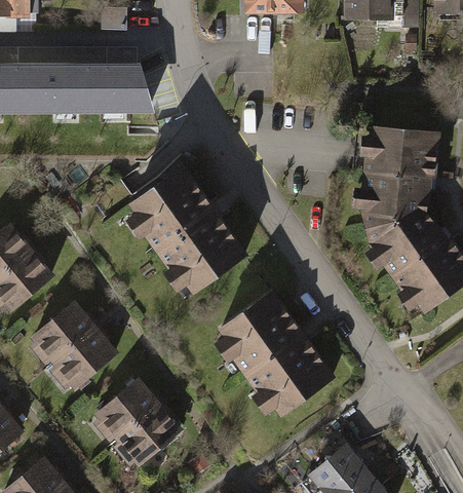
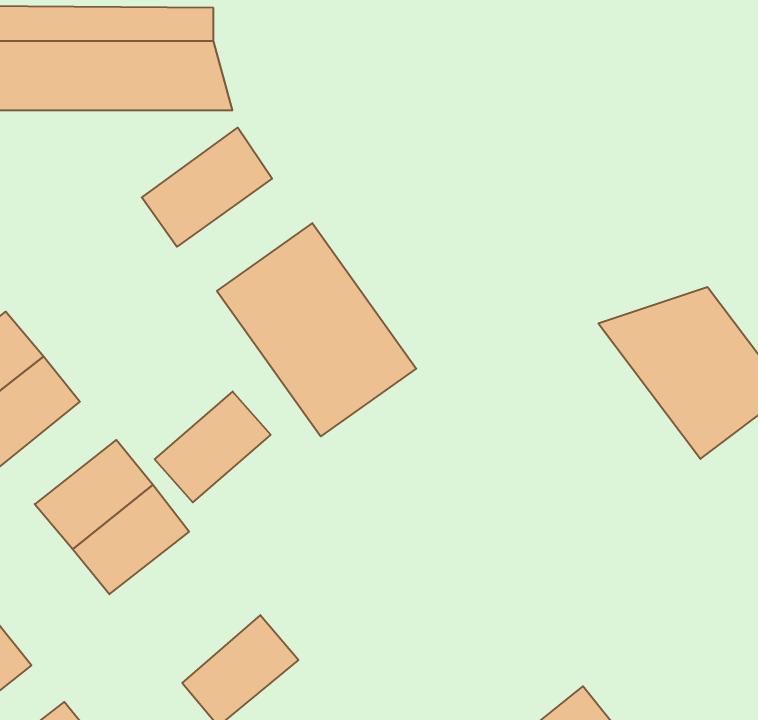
building: none -> [142,128,272,247]
building: [360,130,429,233] -> none
building: [218,295,334,418] -> none
building: [91,380,160,446] -> [155,391,271,502]

